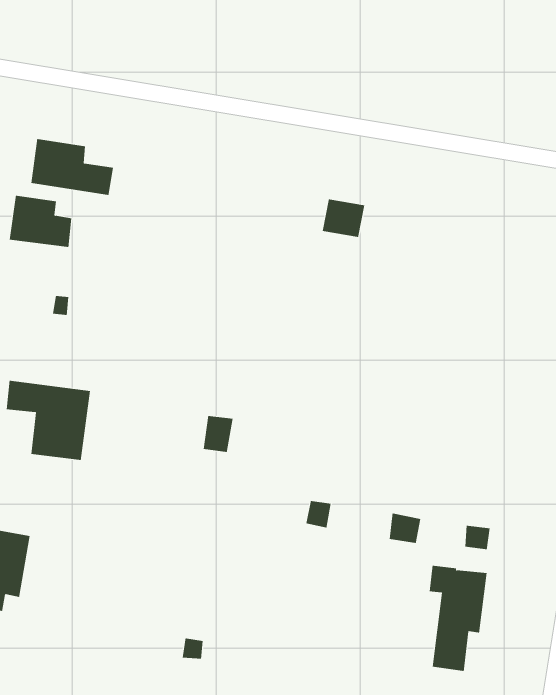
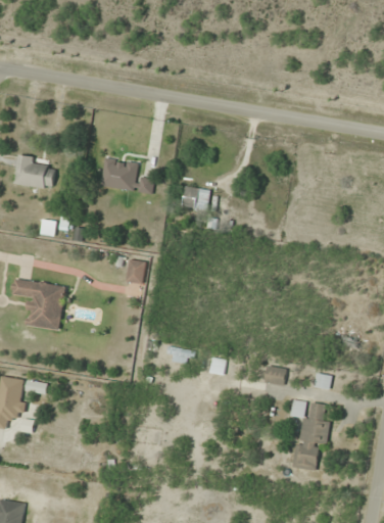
building: [30,138,114,195] -> [99,156,154,194]
building: [322,199,365,237] -> [181,185,209,210]
building: [203,415,234,452] -> [125,258,145,283]

